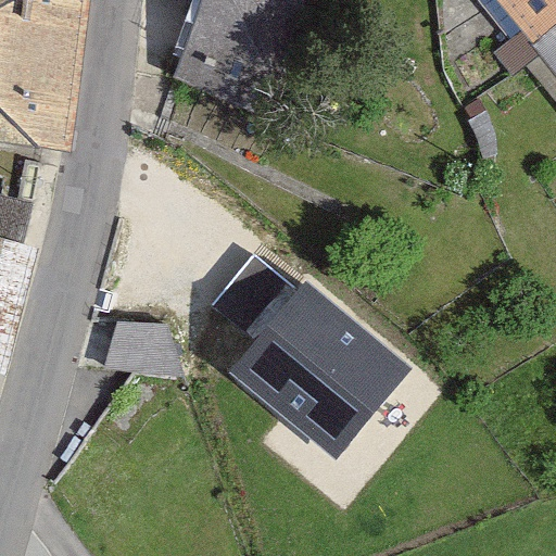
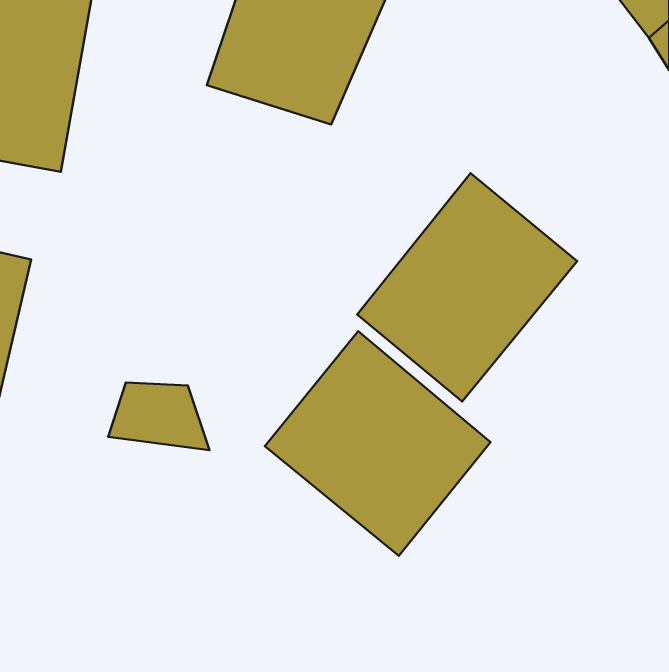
building: none -> [357,173,577,402]

